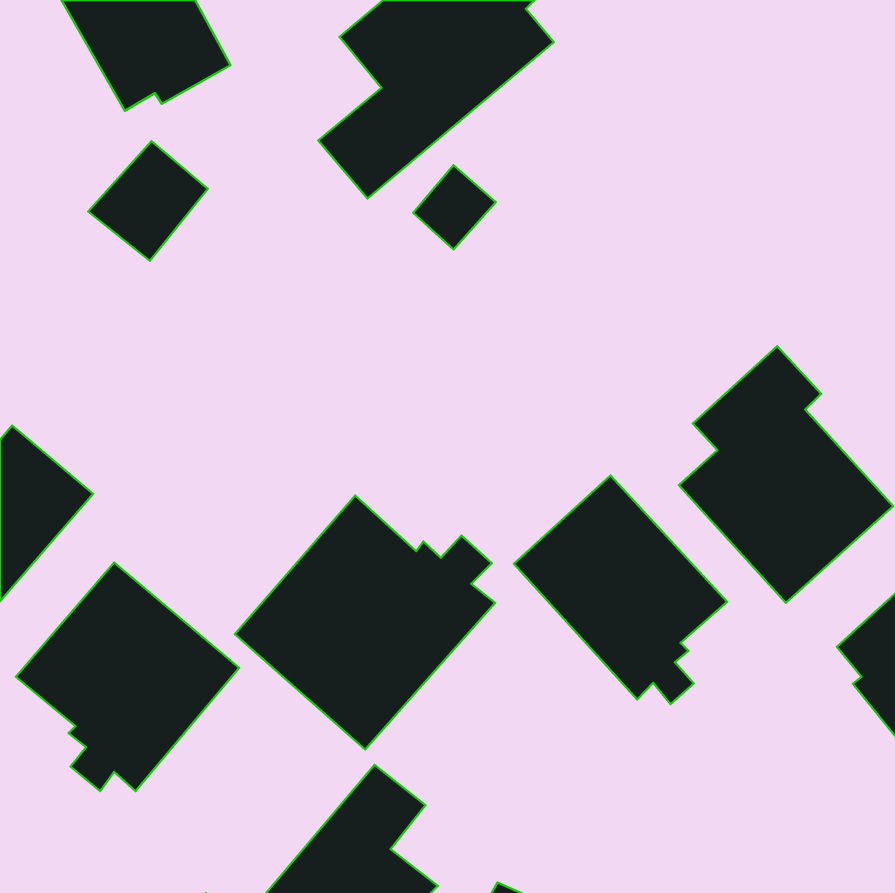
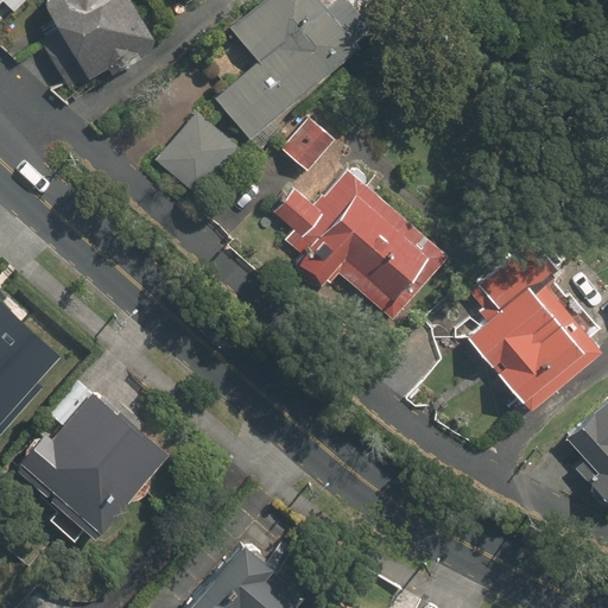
building: [88,141,208,261] -> [157,115,238,196]
building: none -> [246,170,420,325]
building: [514,476,727,704] -> none
building: [235,496,495,749] -> none

